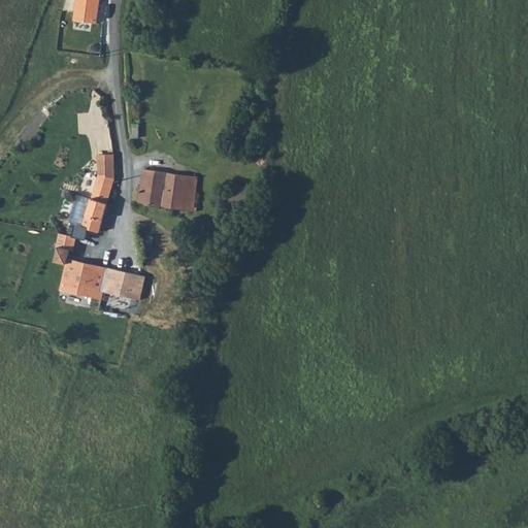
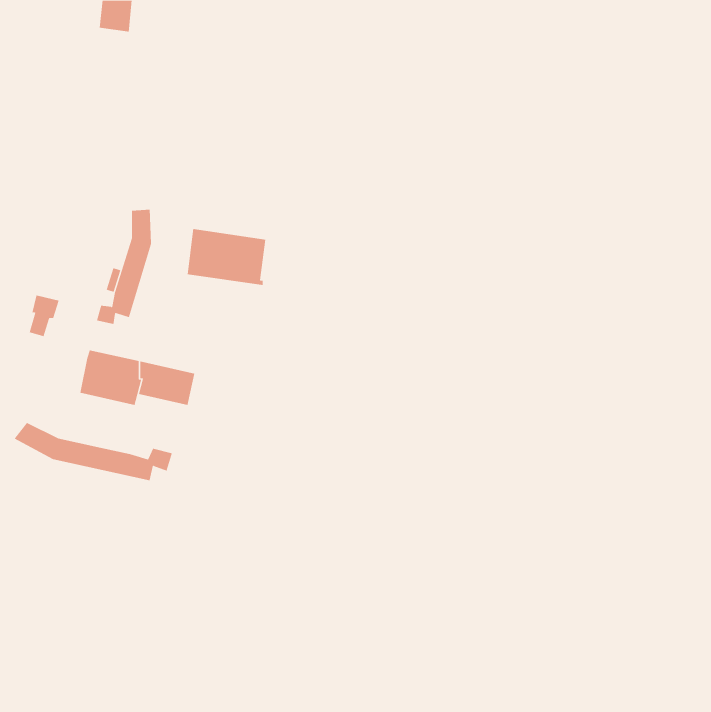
building: [53,234,75,265] -> [29,295,60,337]
building: none -> [14,422,173,481]

